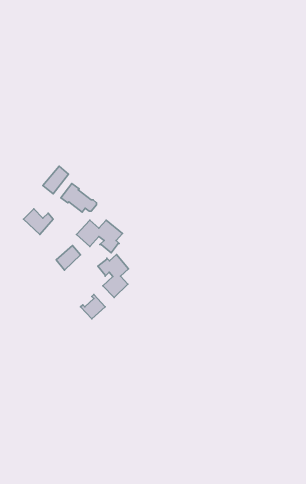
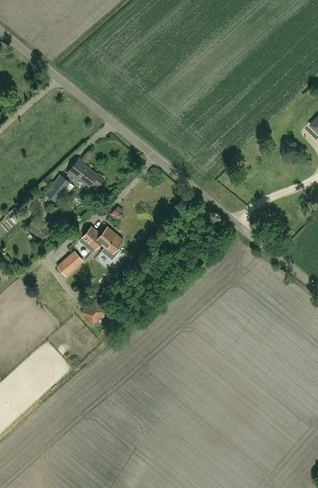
building: [61,184,96,212] -> [68,158,103,186]
building: [98,255,128,297] -> none

